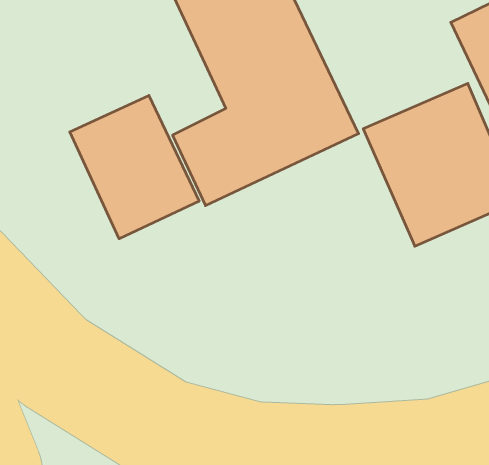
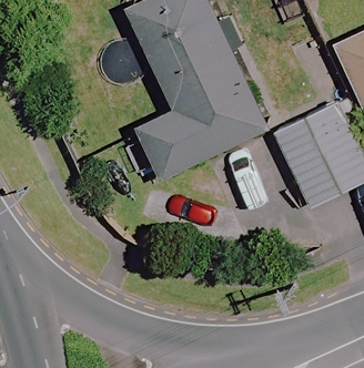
building: [70,95,199,239] -> none

